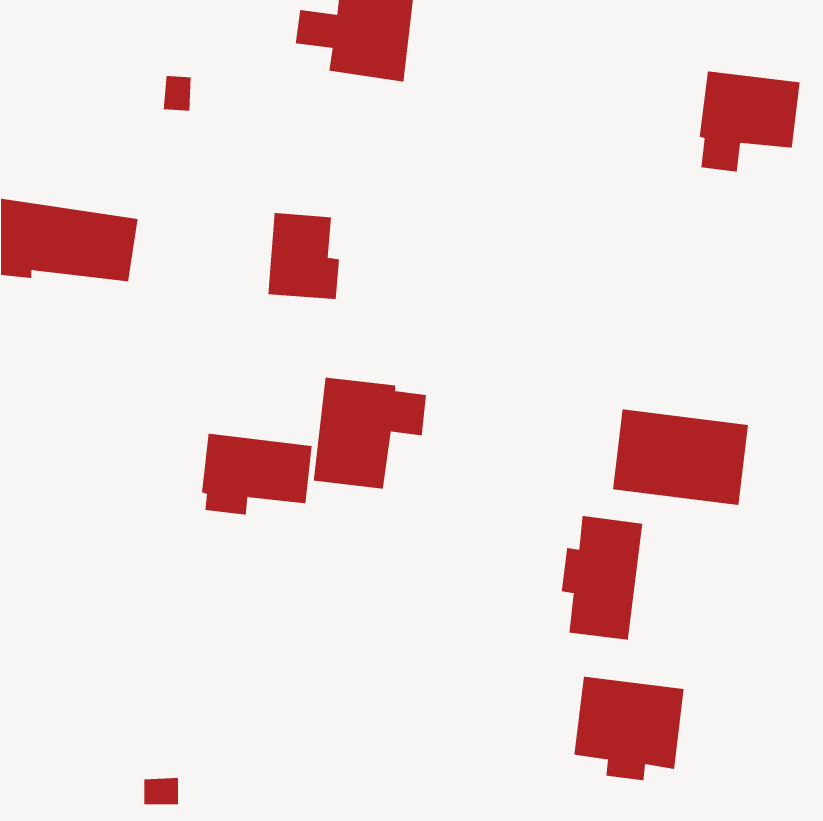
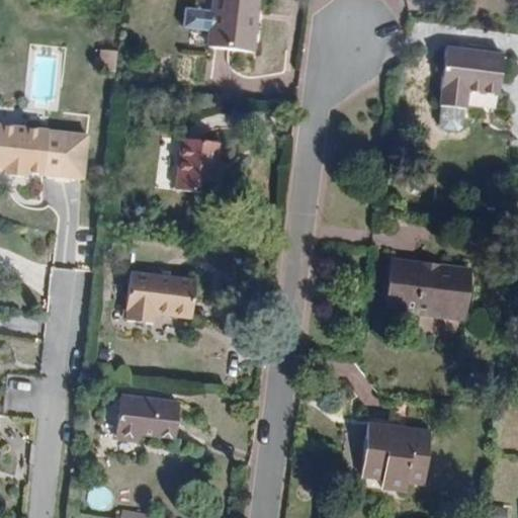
building: [313,377,426,489] -> none
building: [561,515,643,641] -> none
building: none -> [116,394,180,440]

